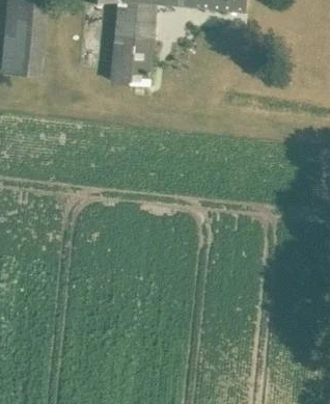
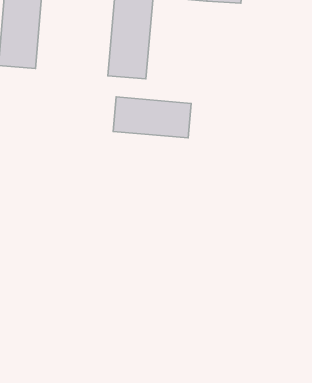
building: none -> [113,97,191,138]

